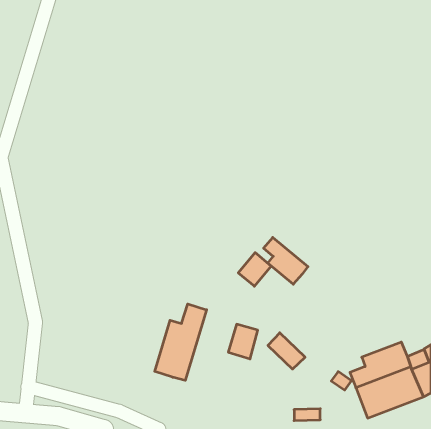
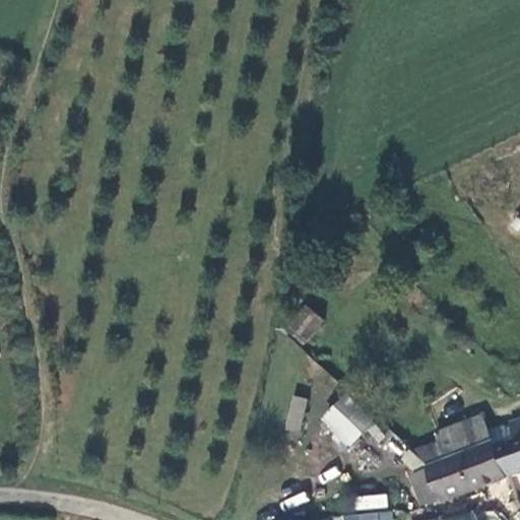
building: [264,237,308,284] -> none
building: [155,304,207,380] -> none

